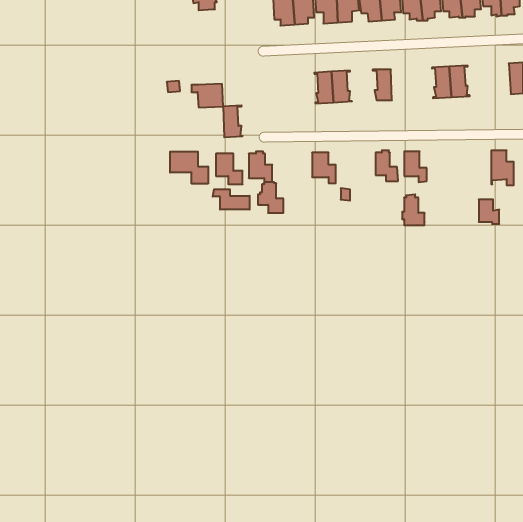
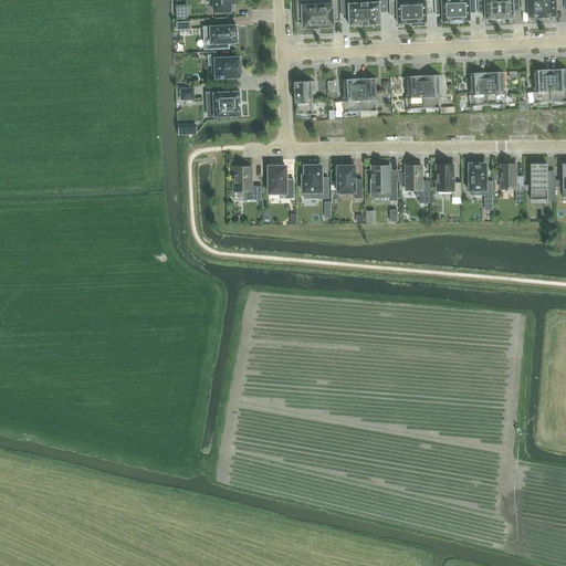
building: none -> [203,24,238,49]
building: none -> [212,54,241,76]
building: none -> [530,69,552,103]
building: none -> [422,74,443,108]
building: [223,105,243,137] -> [295,80,316,114]
building: none -> [371,163,397,199]
building: [170,152,208,184] -> none
building: [258,182,283,213] -> [301,164,328,197]
building: [213,189,250,210] -> none
building: [402,194,425,225] -> [468,160,492,193]
building: [479,199,499,224] -> [501,164,523,190]

